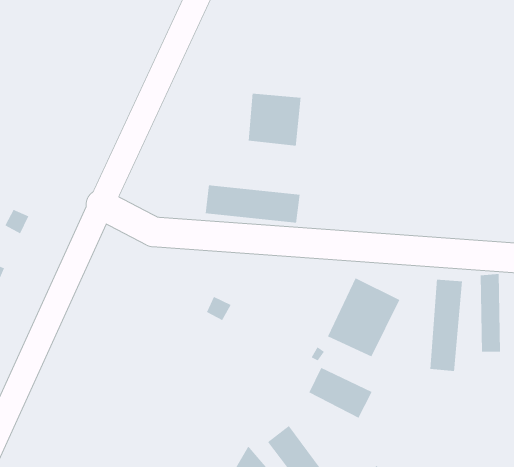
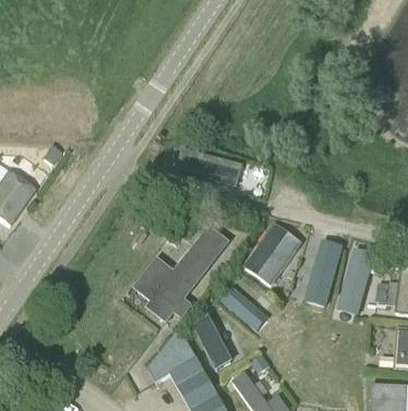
building: [248,93,301,147] -> none
building: none -> [134,227,227,319]

